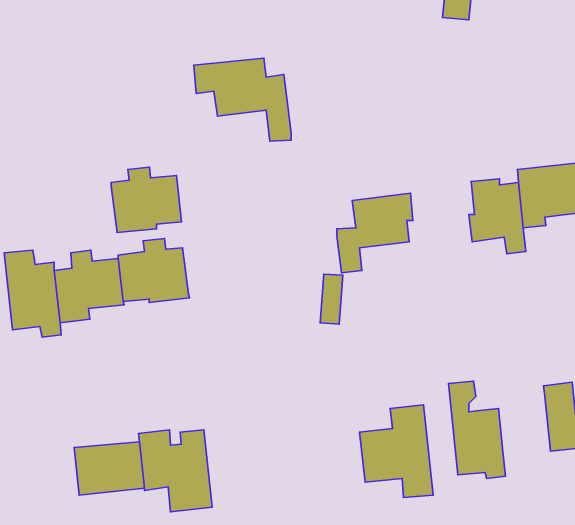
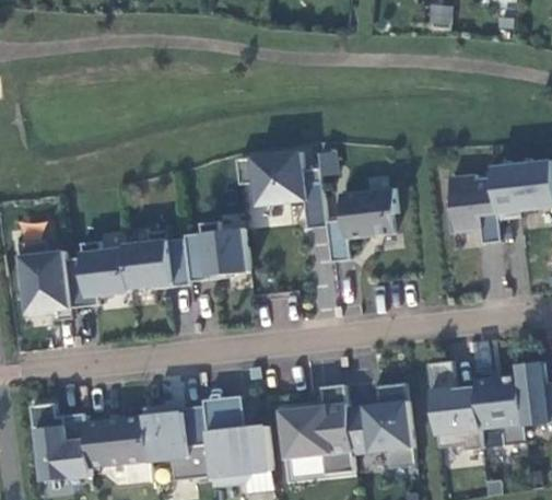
building: [194,58,291,141] -> [236,152,326,229]
building: [111,167,181,232] -> [184,221,248,281]
building: none -> [472,368,525,445]
building: none -> [281,384,353,474]
building: none -> [202,396,271,487]
building: none -> [31,403,90,481]

